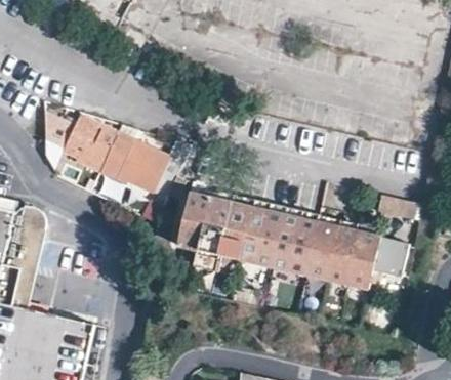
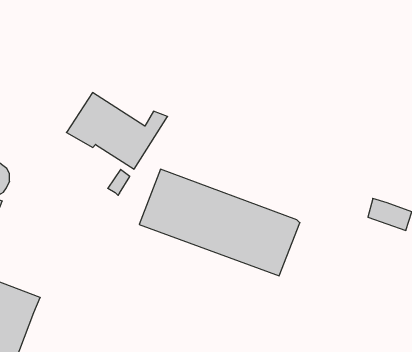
building: [43,110,118,171] -> none
building: [309,223,412,287] -> none

